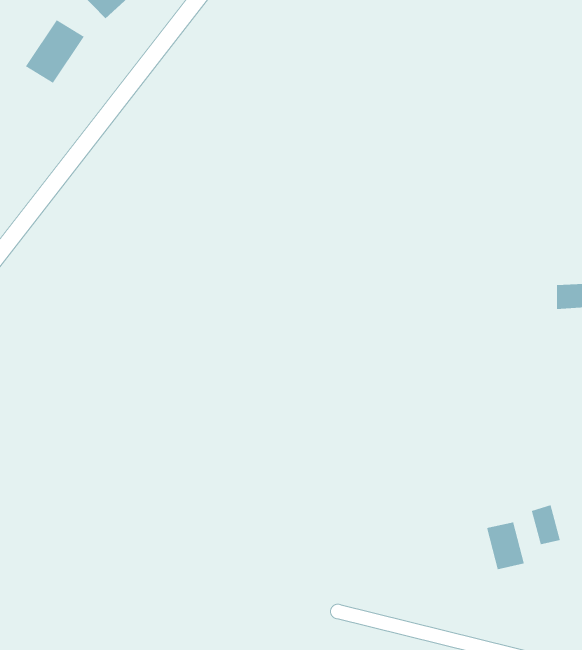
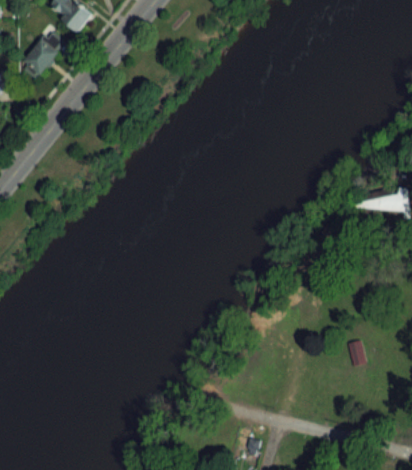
building: [486,521,525,570] -> none

